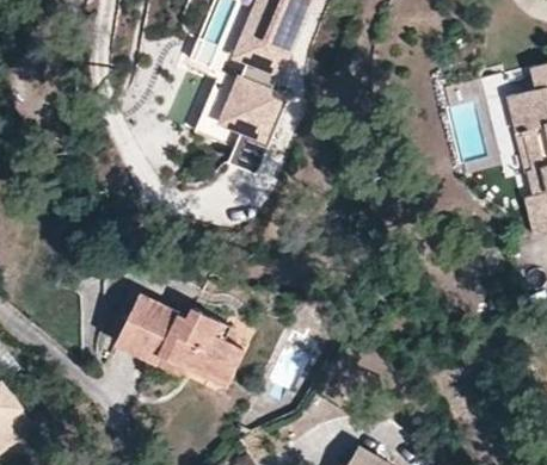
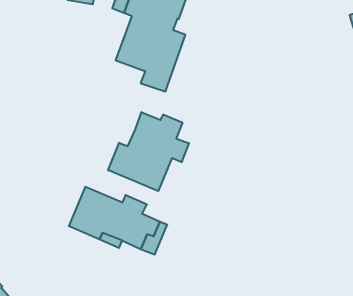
building: none -> [108,112,189,191]

